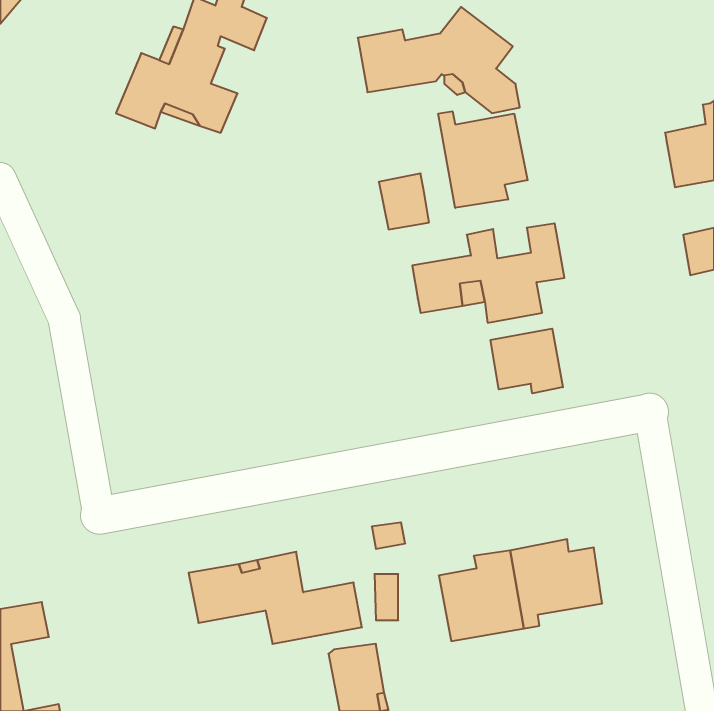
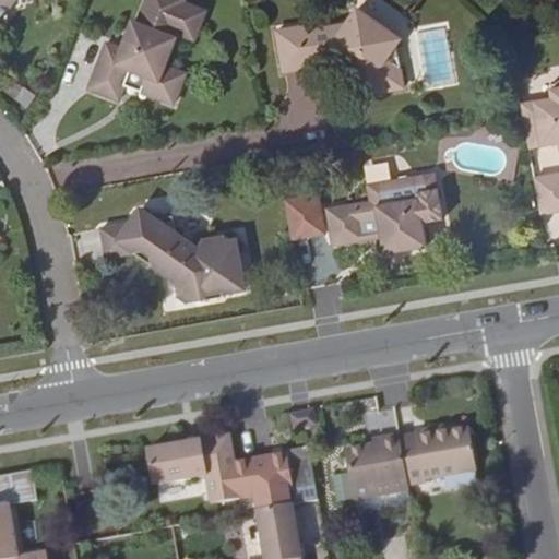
building: [438,111,528,208] -> none
building: [379,173,429,229] -> [287,195,326,239]
building: none -> [91,201,251,304]
building: [491,329,563,393] -> none

